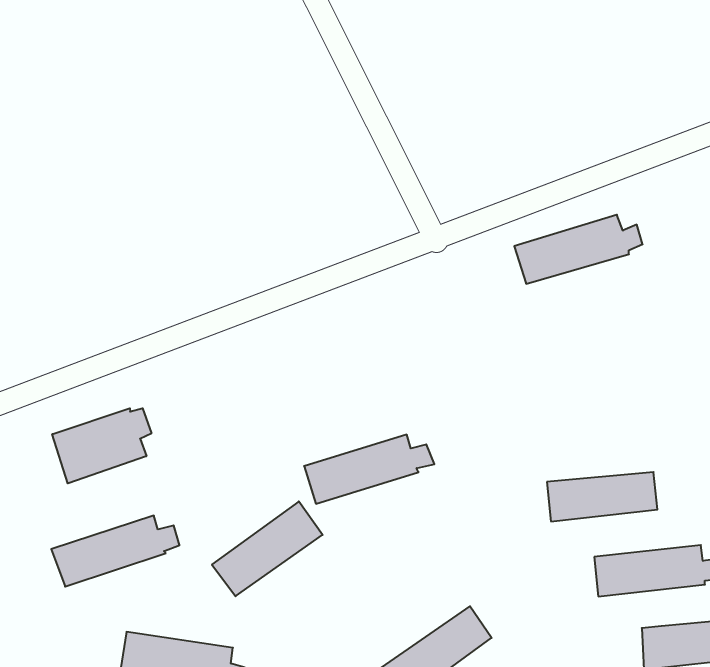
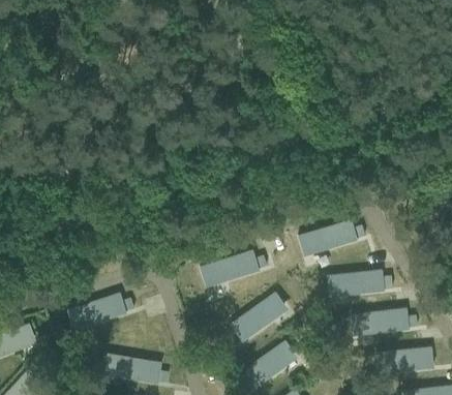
building: [514,215,643,284] -> [298,219,365,255]
building: [52,408,151,483] -> none
building: [212,501,323,596] -> [231,292,289,341]

